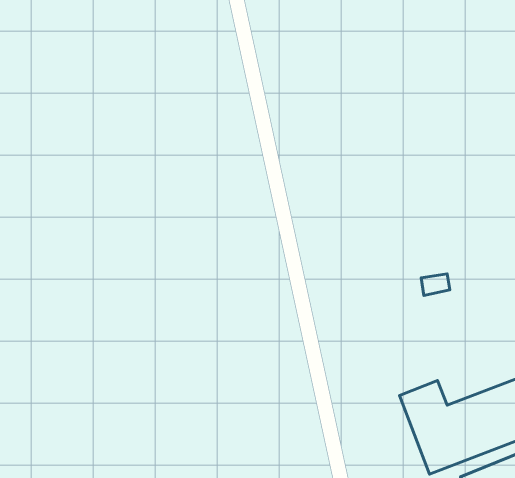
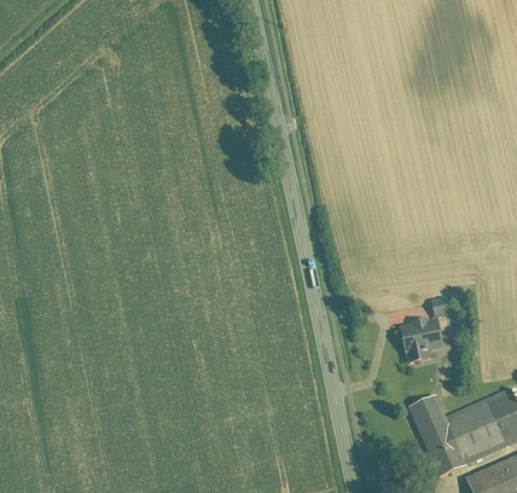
building: none -> [396,317,443,366]

